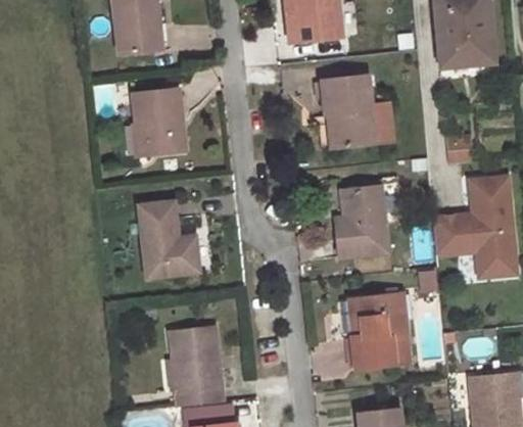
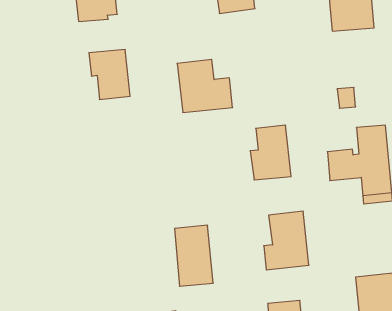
building: [321,78,391,145] -> [177,59,233,112]
building: [142,201,200,275] -> none
building: [174,327,223,405] -> [175,225,213,286]

